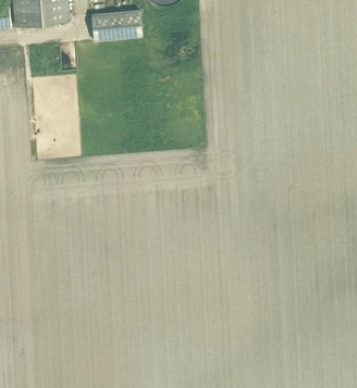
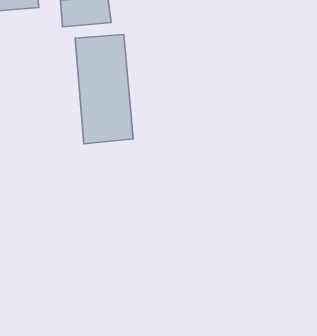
building: none -> [75,35,133,144]

